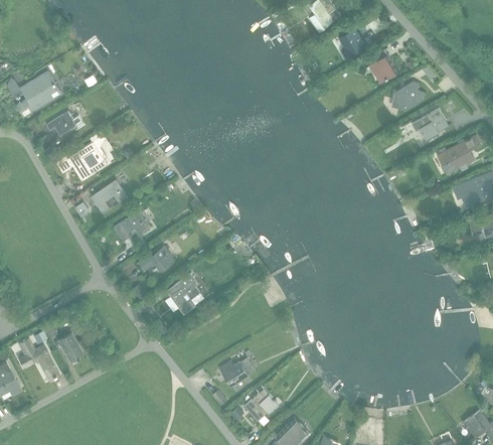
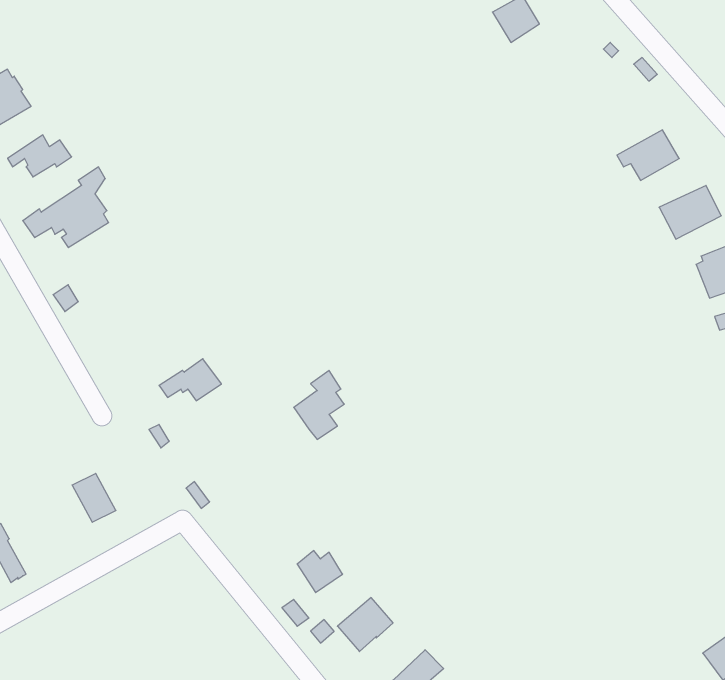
building: [371,49,395,81] -> none
building: [390,82,424,110] -> none
building: [93,179,126,211] -> none
building: [113,210,149,242] -> none
building: [169,273,199,314] -> [294,370,344,439]
building: [56,332,83,361] -> [72,473,116,522]

